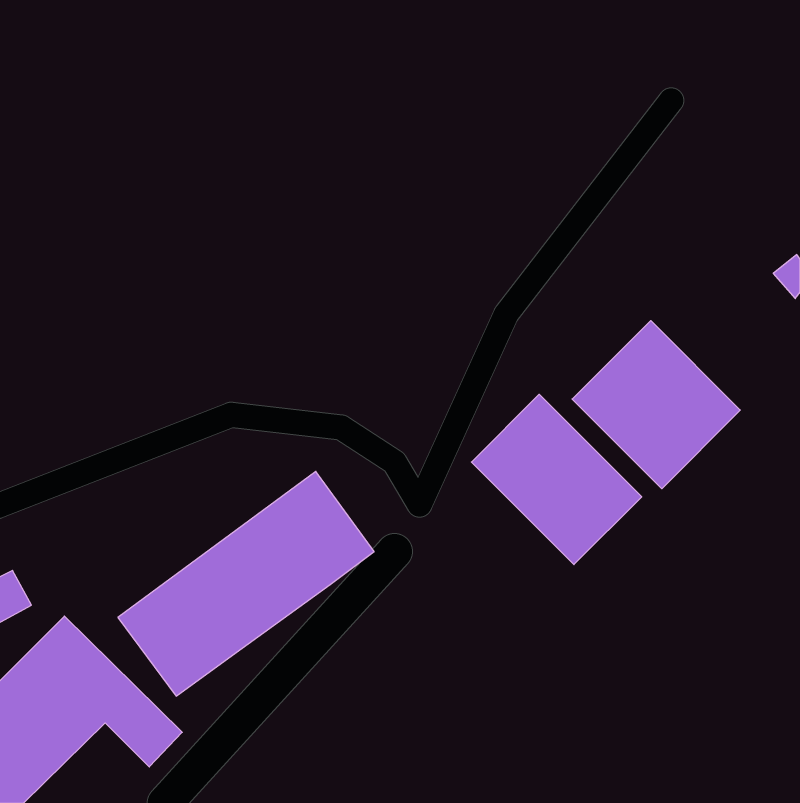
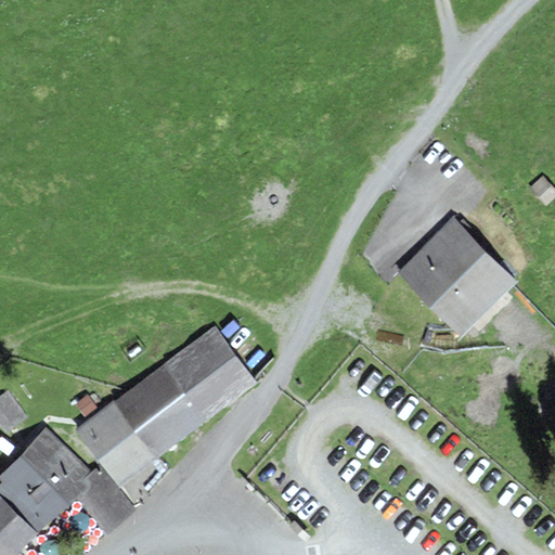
building: [471,394,642,565] -> none

